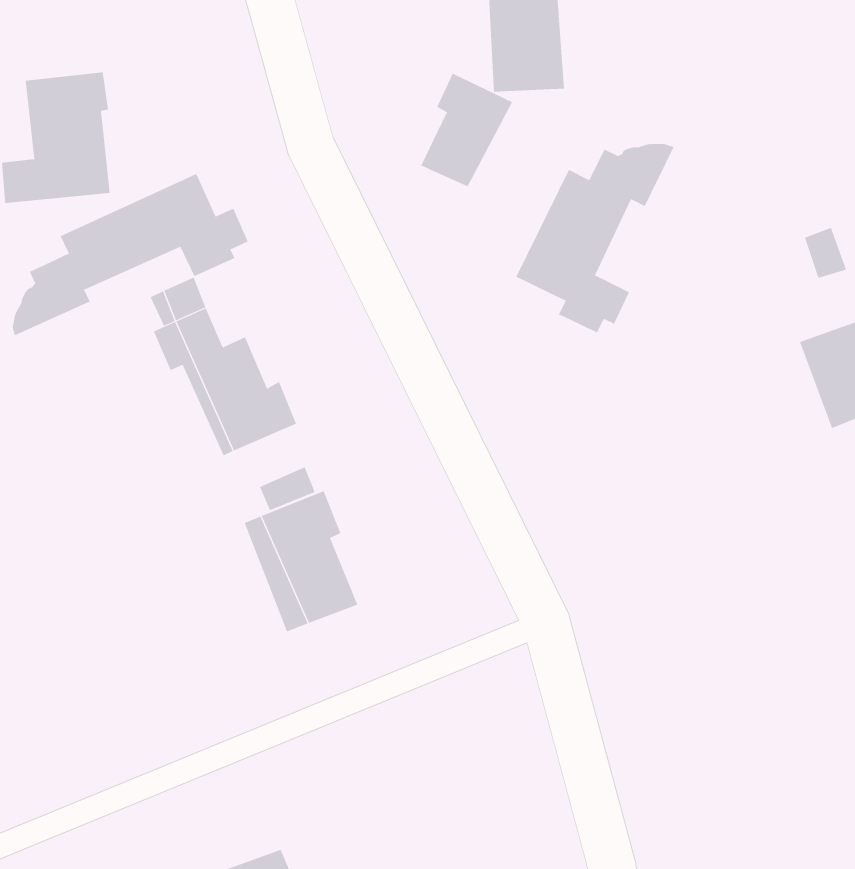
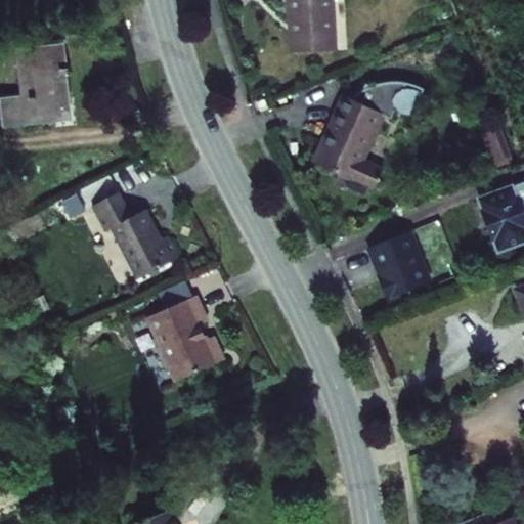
building: [420,73,513,187] -> none
building: [12,173,249,336] -> none
building: none -> [366,230,429,299]

